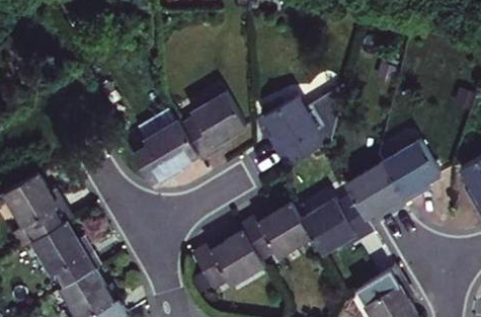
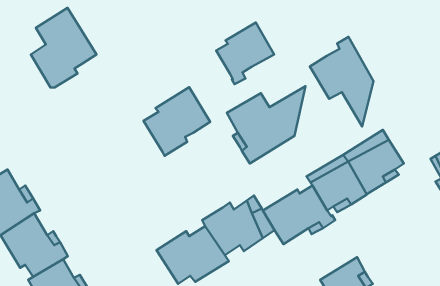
building: none -> [216,23,274,84]
building: none -> [310,37,373,127]
building: [129,110,195,191] -> [31,8,96,87]

